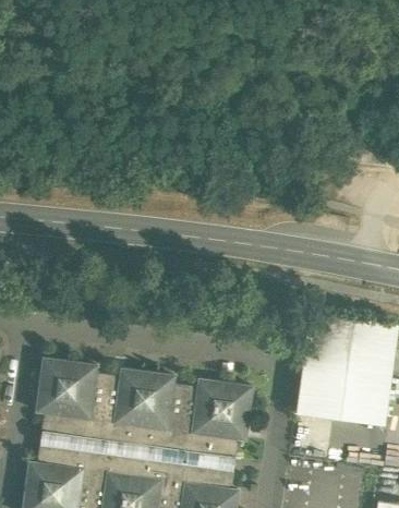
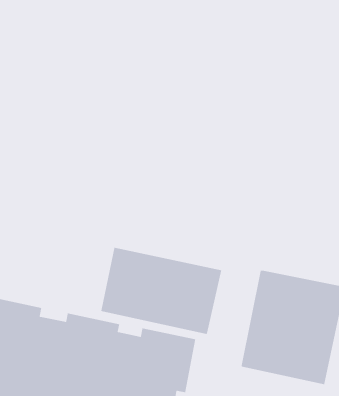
building: none -> [100,247,222,335]

